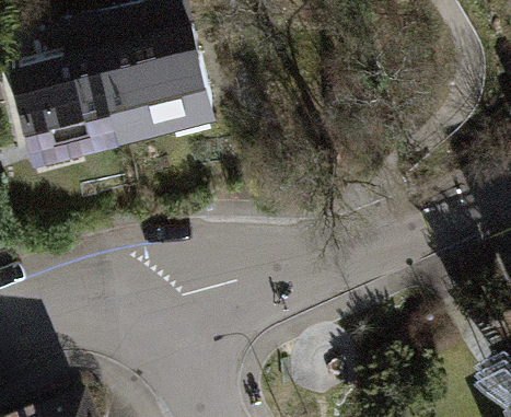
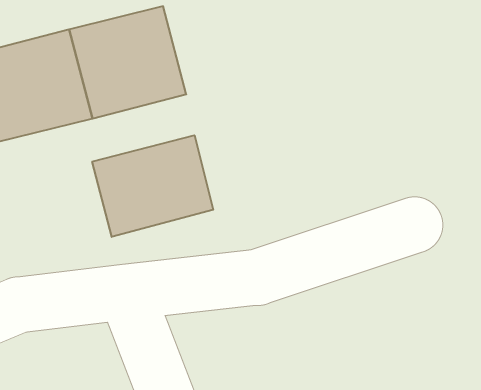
building: none -> [92,135,213,237]

